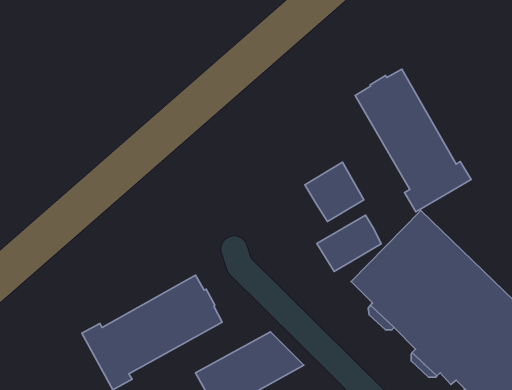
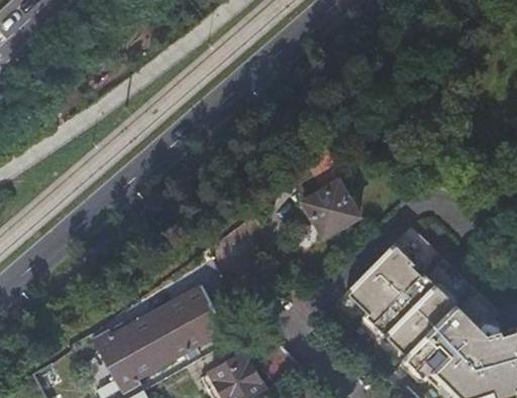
building: [355,69,471,212] -> none
building: [317,215,381,271] -> none

